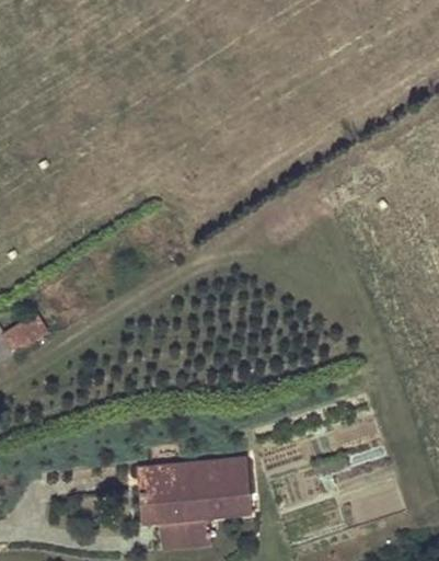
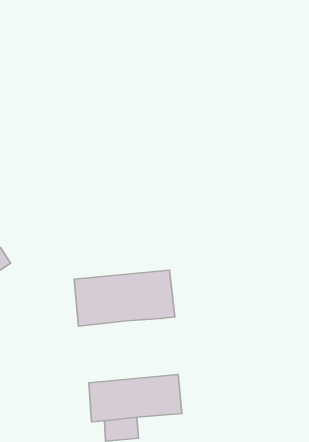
building: none -> [74,270,175,326]

